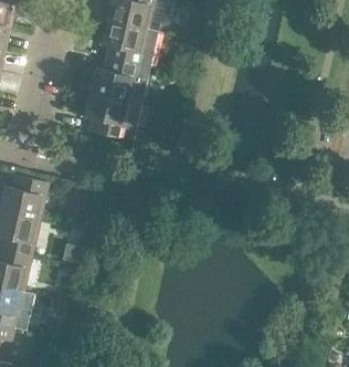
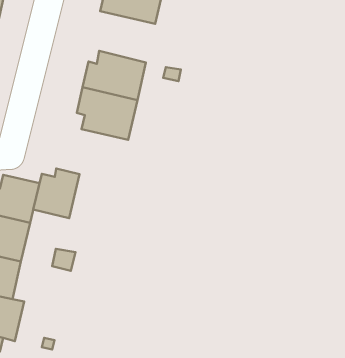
building: [102,19,159,67] -> none
building: none -> [33,168,80,218]

